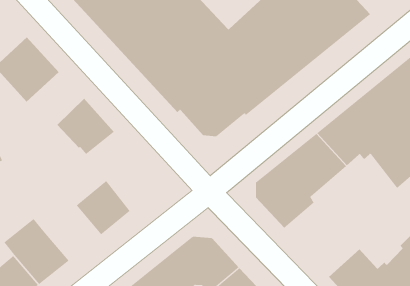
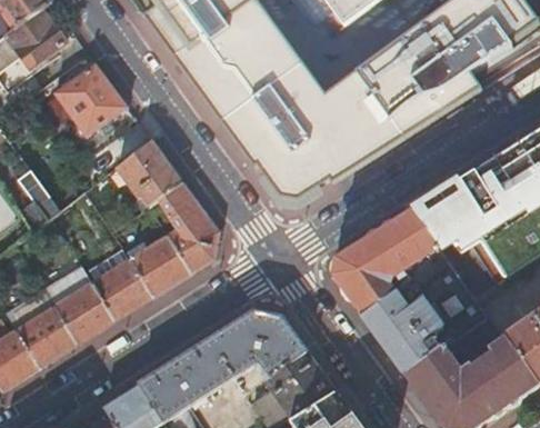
building: none -> [159,182,218,272]
building: none -> [361,259,487,372]
building: none -> [90,259,153,320]

